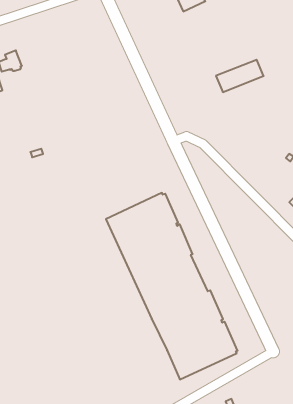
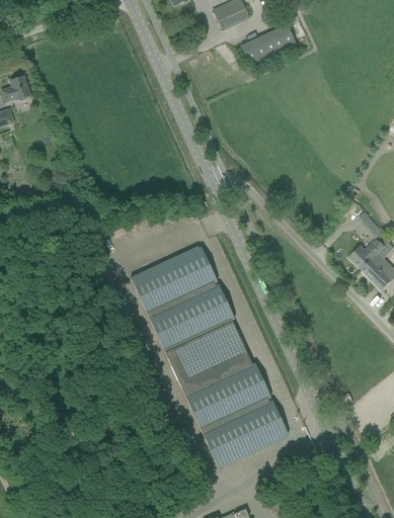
building: [216,60,264,92] -> [239,23,296,62]

